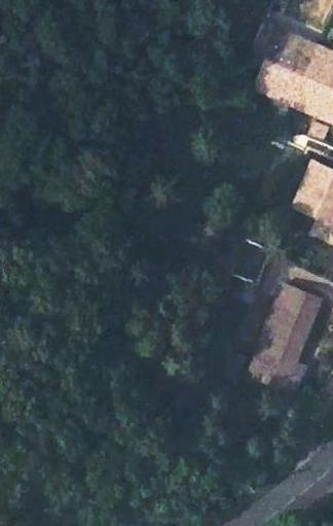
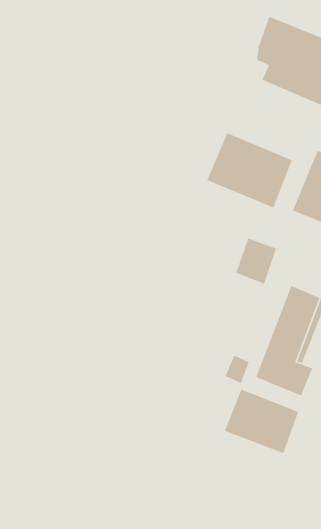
building: none -> [206,132,293,209]
building: none -> [224,388,299,454]

